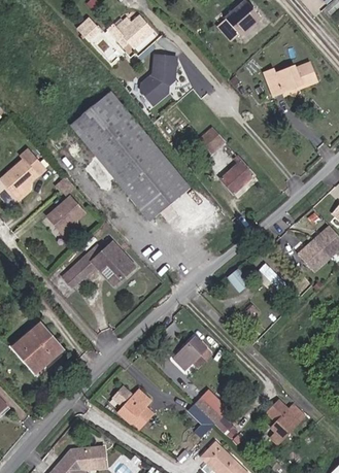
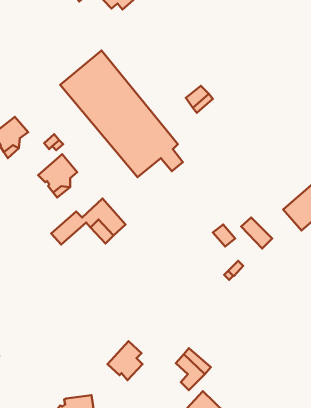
building: [143,54,178,104] -> none
building: [262,61,313,91] -> none
building: [219,154,255,194] -> none
building: [13,324,62,372] -> none
building: [171,336,212,371] -> none
building: [271,401,307,435] -> none

